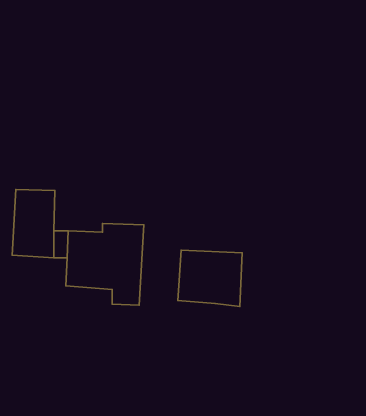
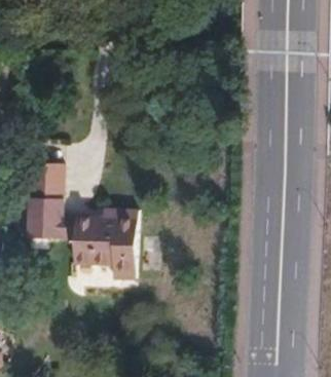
building: [178,250,242,307] -> none

